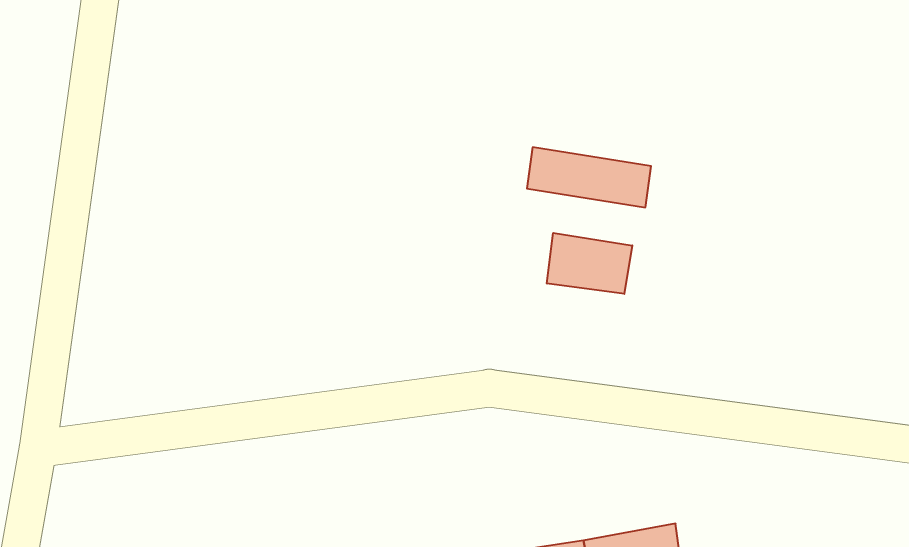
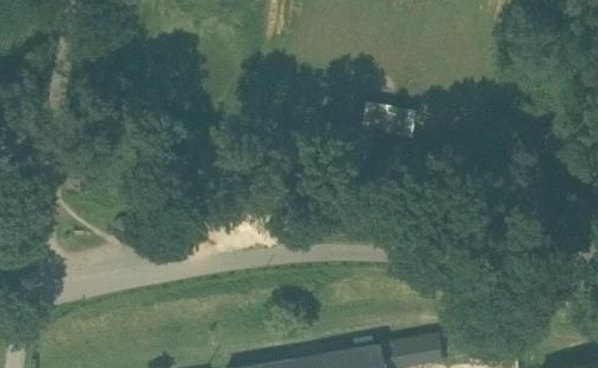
building: [547,233,632,294] -> none

